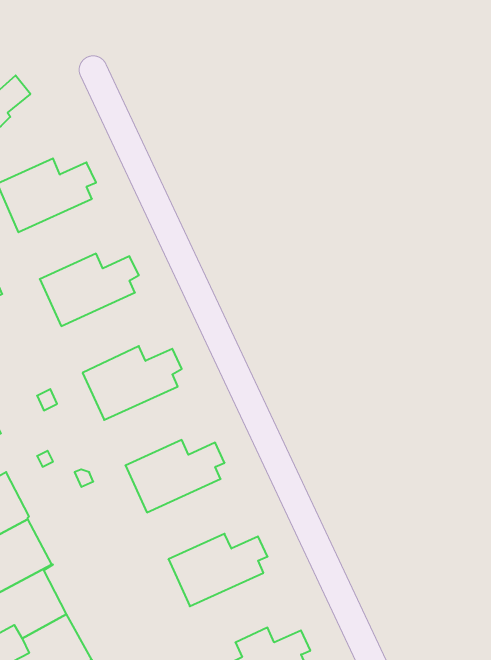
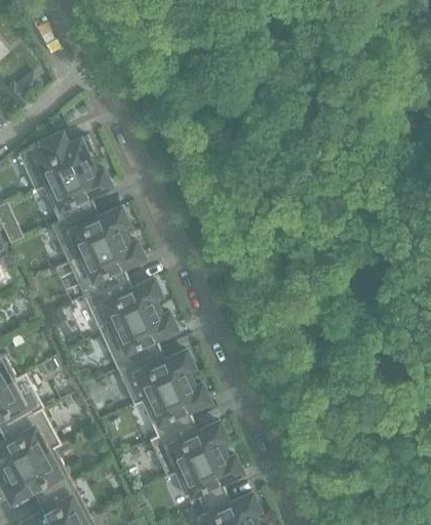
building: none -> [35,165,110,227]
building: none -> [68,237,143,298]
building: none -> [101,309,175,369]
building: none -> [133,379,208,441]
building: none -> [166,451,241,504]

